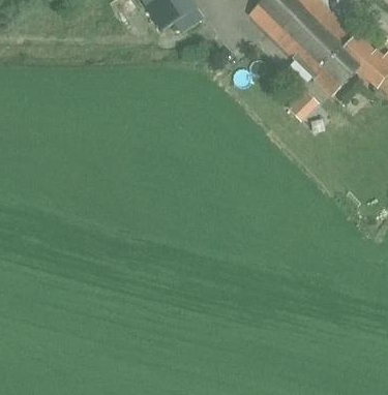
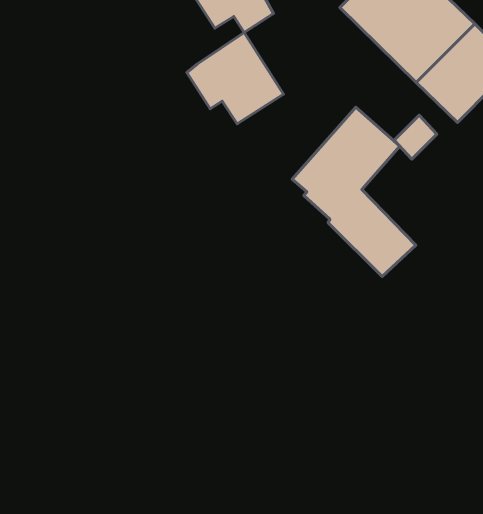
building: none -> [187,33,284,124]
building: none -> [292,107,416,277]

